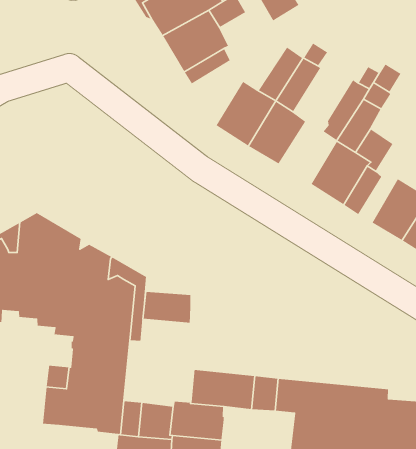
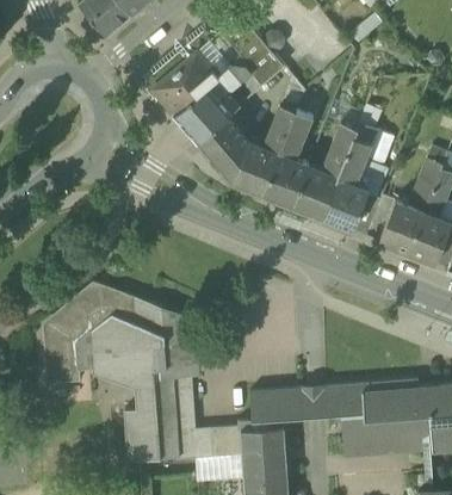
building: none -> [205,125,248,182]
building: none -> [291,166,336,218]
building: [143,291,191,323] -> none

